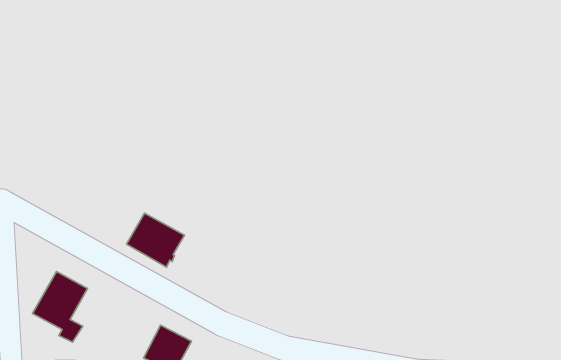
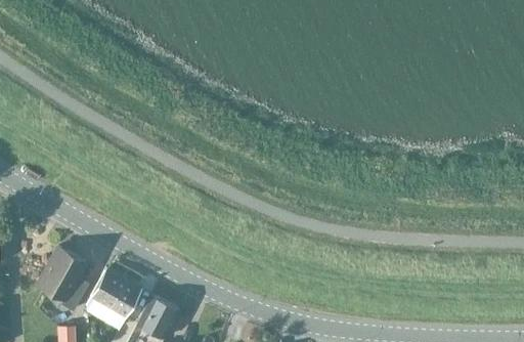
building: [126,213,185,267] -> [89,269,141,317]

